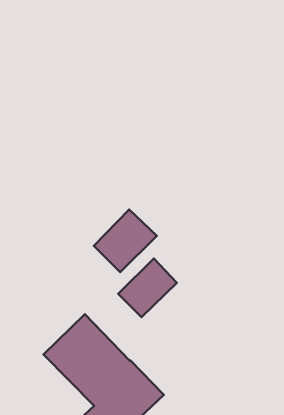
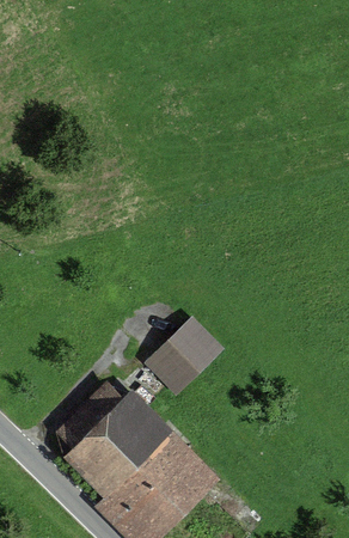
building: [94,209,157,272] -> none

